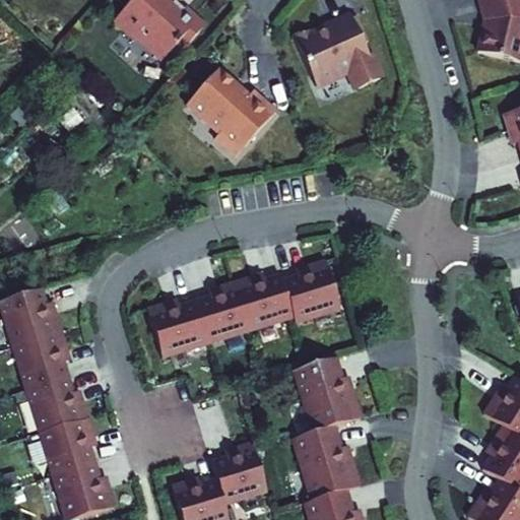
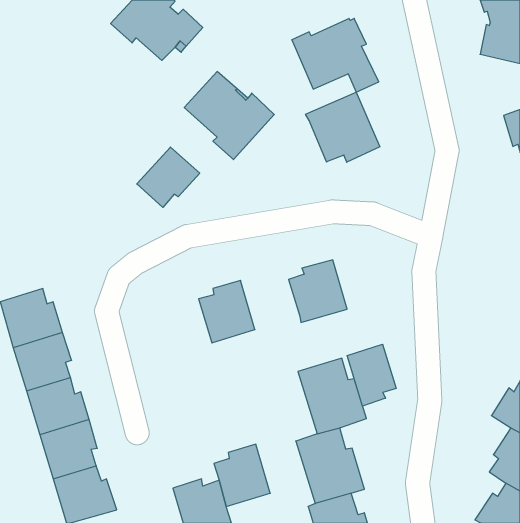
building: none -> [306,92,380,162]
building: none -> [137,147,200,207]
building: [239,270,298,327] -> none
building: [149,296,210,353] -> none
building: none -> [347,344,396,406]

